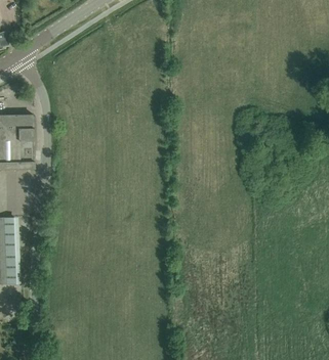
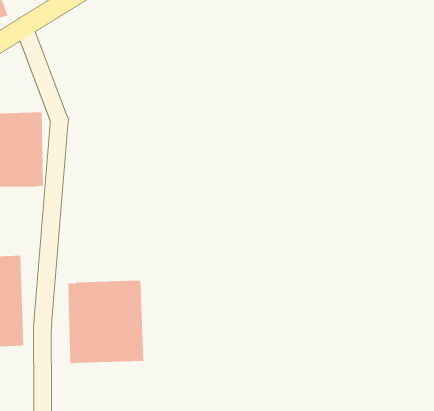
building: none -> [68,280,144,364]

